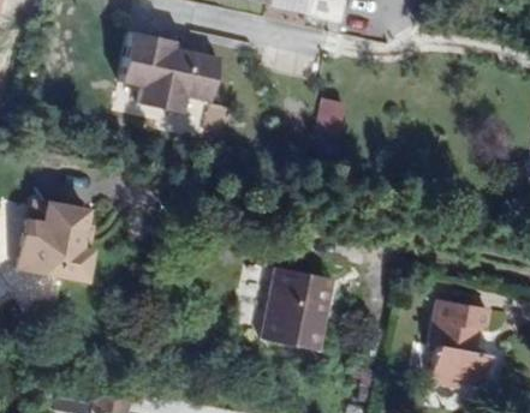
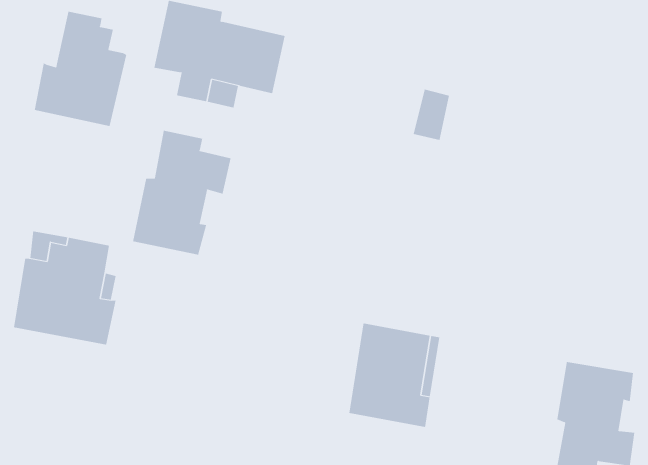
building: none -> [34,11,127,127]
building: none -> [133,130,231,256]

